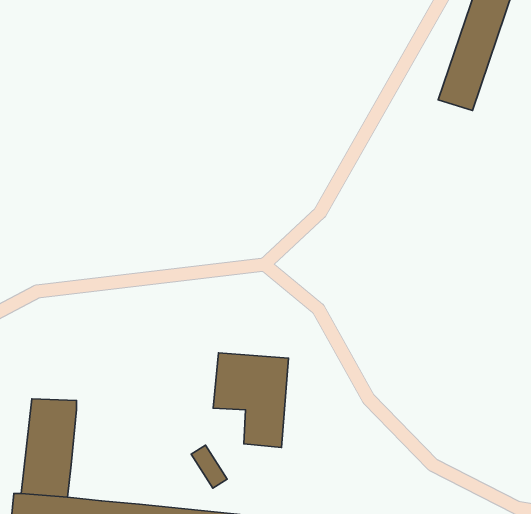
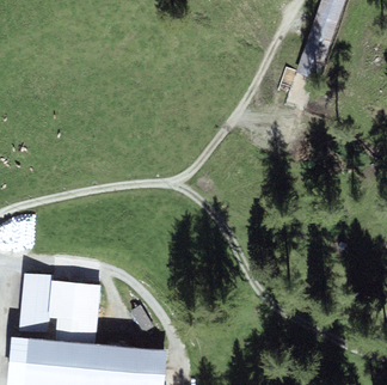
building: [213,353,289,448] -> [50,281,100,344]

